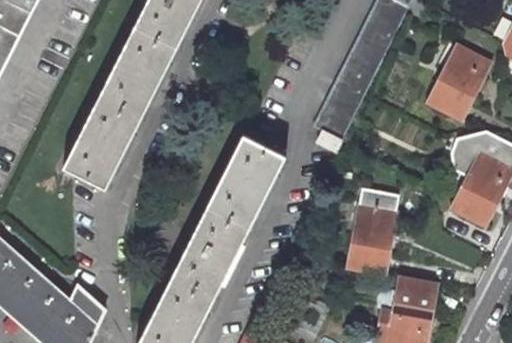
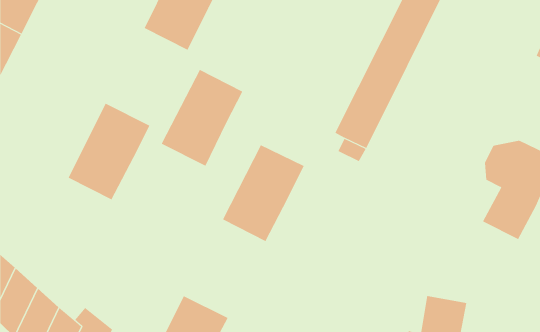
building: [99,27,176,118] -> [161,69,243,166]
building: [427,45,491,119] -> none
building: [348,188,399,274] -> none
building: [172,206,249,298] -> none

